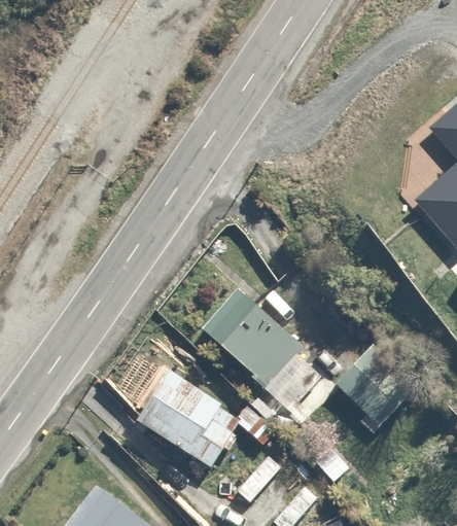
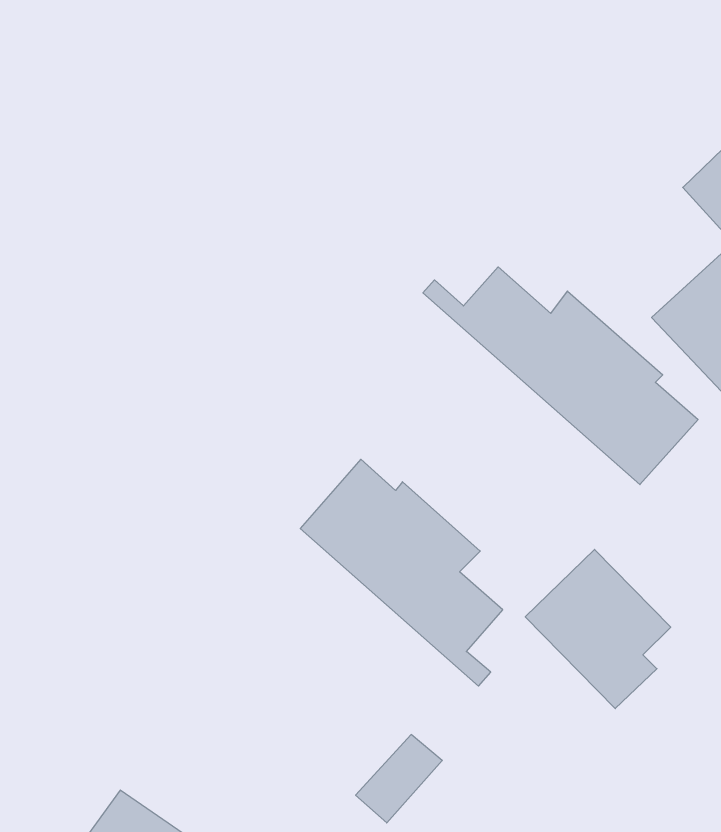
building: none -> [423,267,698,485]
building: [137,369,244,470] -> none

